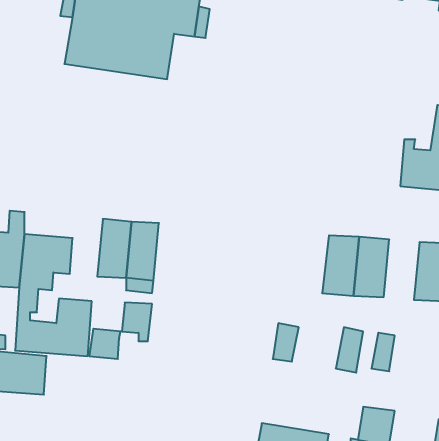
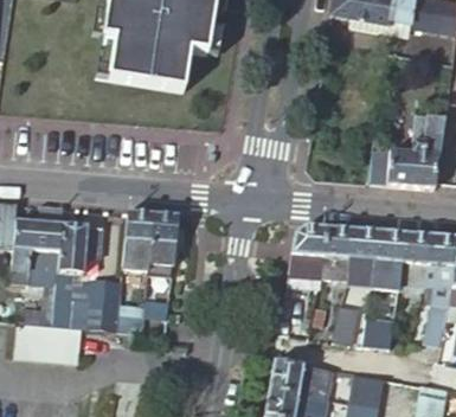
building: none -> [287,224,326,276]
building: none -> [373,230,404,282]
building: none -> [268,360,330,398]

